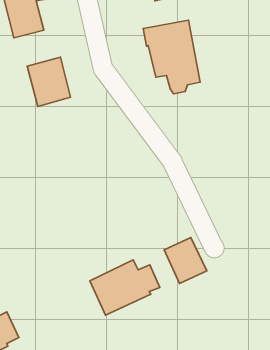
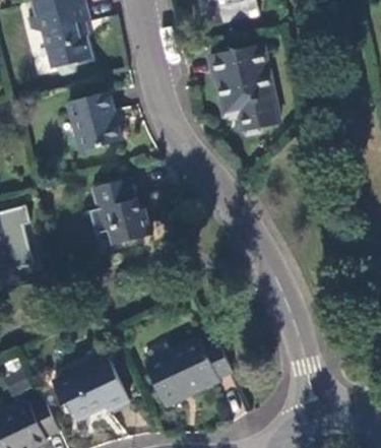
building: none -> [89,178,150,245]
building: [164,238,207,283] -> none
building: none -> [52,357,127,420]

